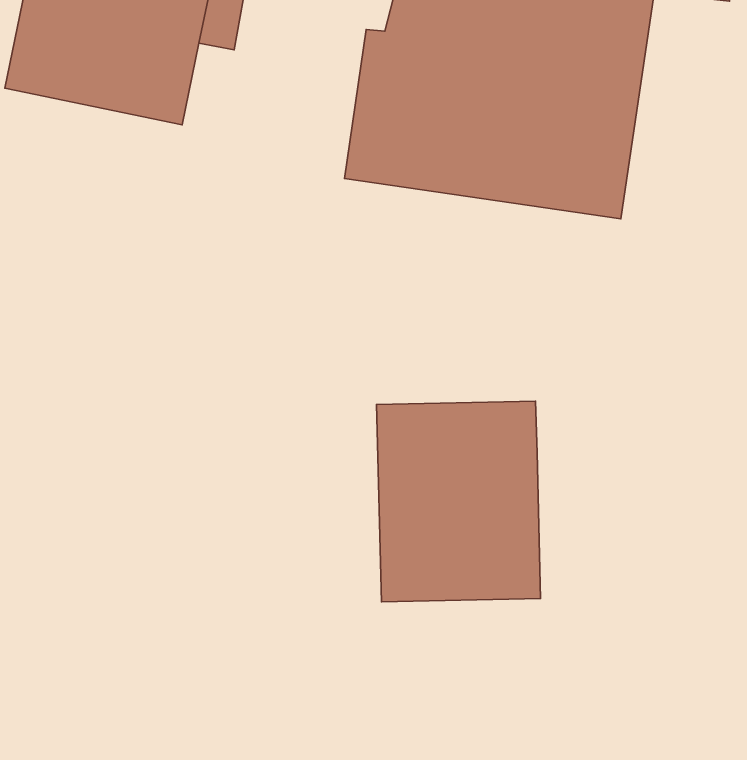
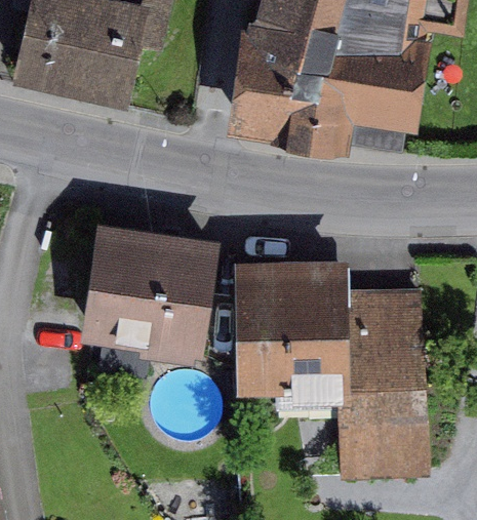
building: none -> [86,228,208,356]
building: none -> [343,292,422,476]

